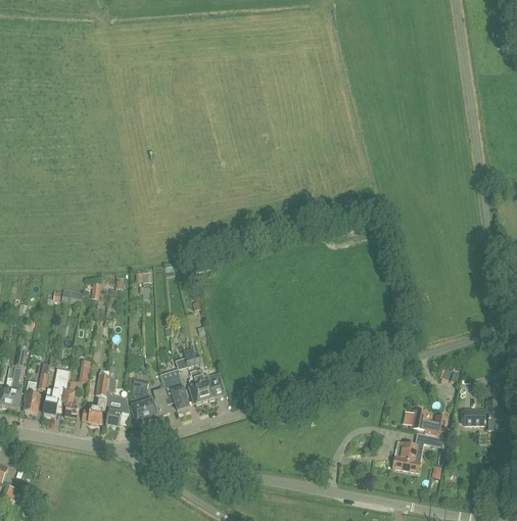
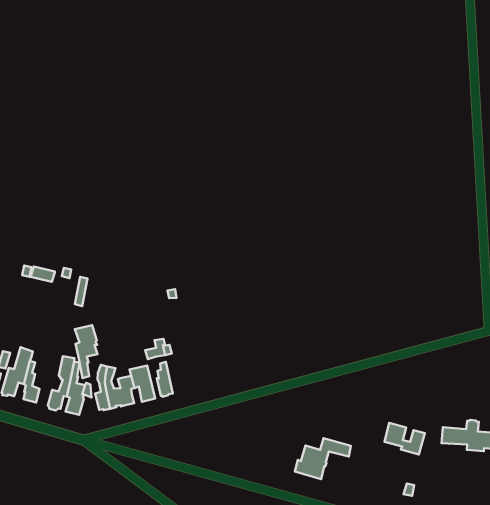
building: none -> [75,325,97,378]
building: [195,368,223,398] -> none
building: [391,432,442,471] -> [295,438,351,479]

